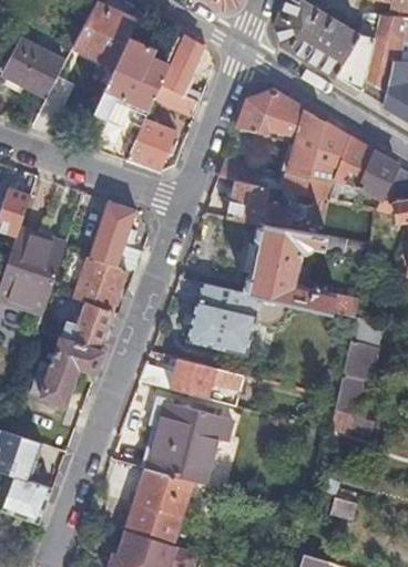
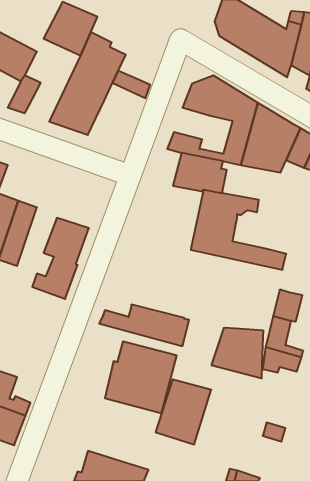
building: [161,34,202,92] -> none
building: [125,118,174,171] -> none
building: [91,199,135,258] -> none
building: [185,282,256,354] -> none
building: [30,337,103,403] -> none
building: none -> [212,328,263,378]
building: [125,467,191,544] -> [156,379,211,444]

